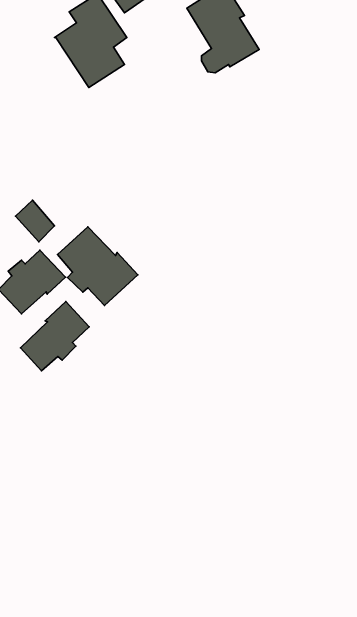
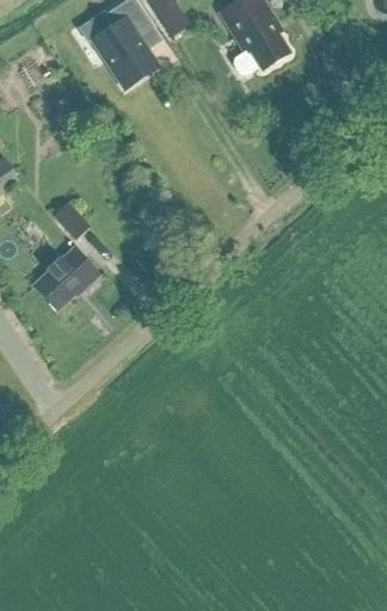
building: [57,227,138,305] -> none
building: [20,301,89,371] -> none

